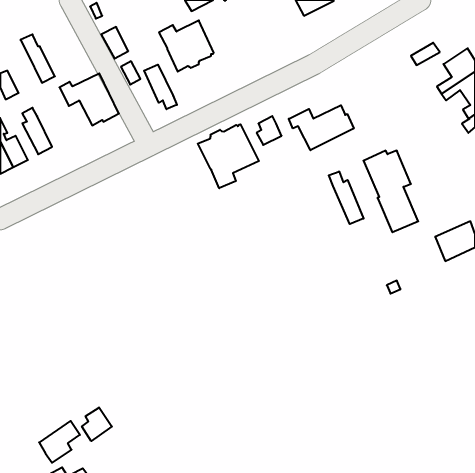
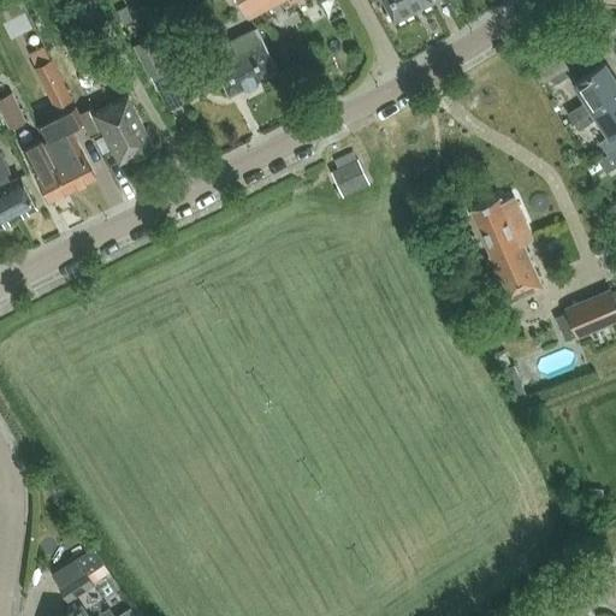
building: [144,65,177,109] -> none
building: none -> [37,109,94,192]
building: [289,105,354,150] -> none
building: [198,124,259,188] -> none
building: [329,171,364,224] -> none
building: [82,407,112,441] -> none

